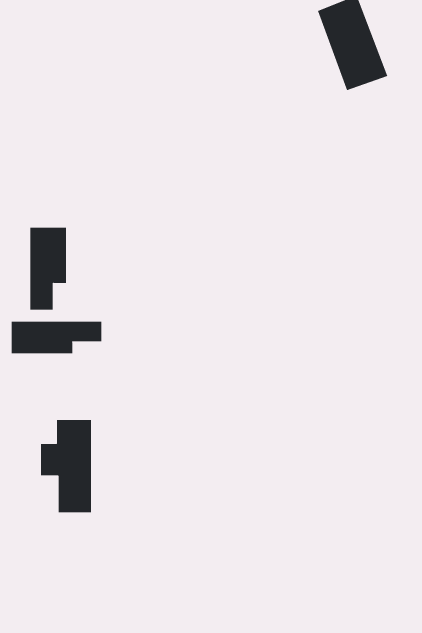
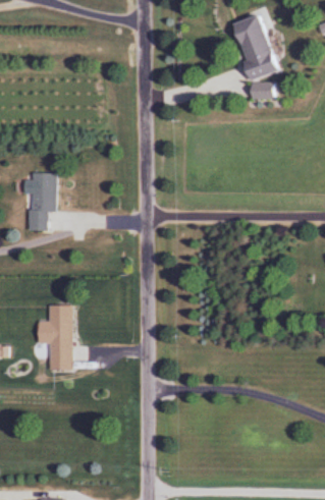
building: none -> [250,82,275,98]
building: [11,321,102,354] -> none

